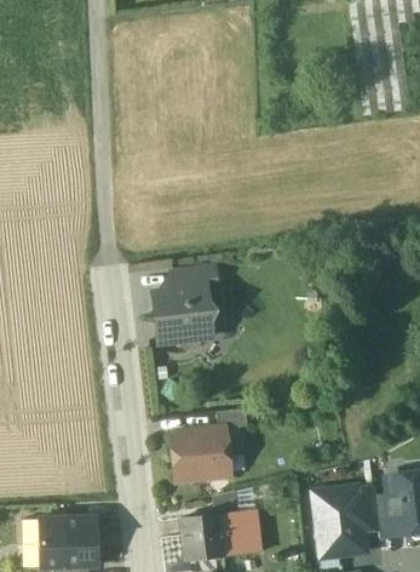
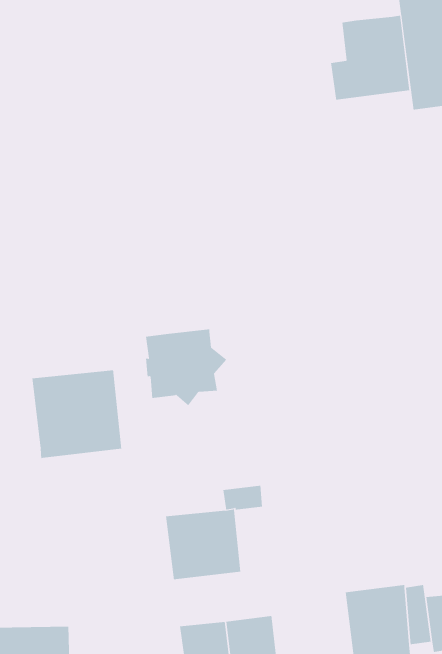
building: none -> [331,15,410,101]
building: [171,267,217,288] -> none
building: none -> [32,370,122,459]

